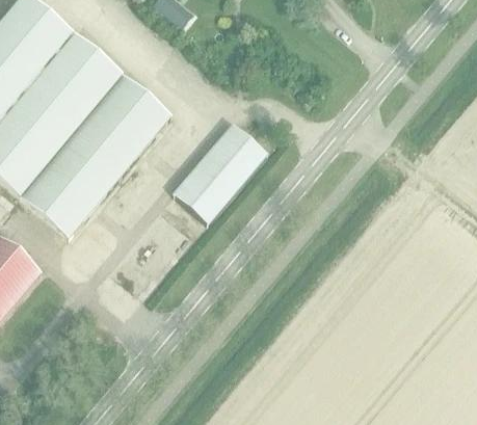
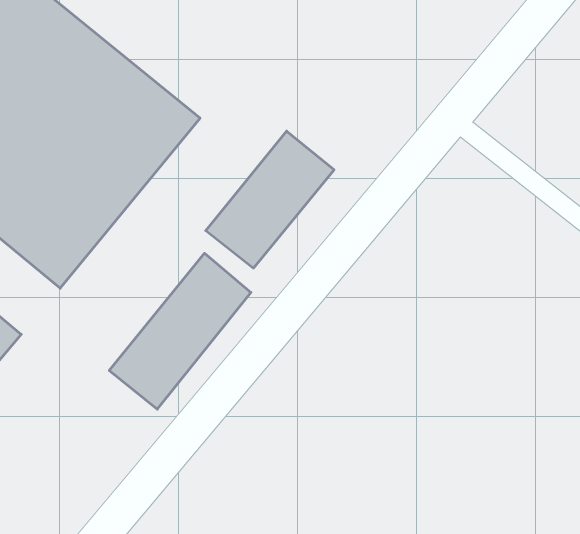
building: none -> [109,253,251,409]

